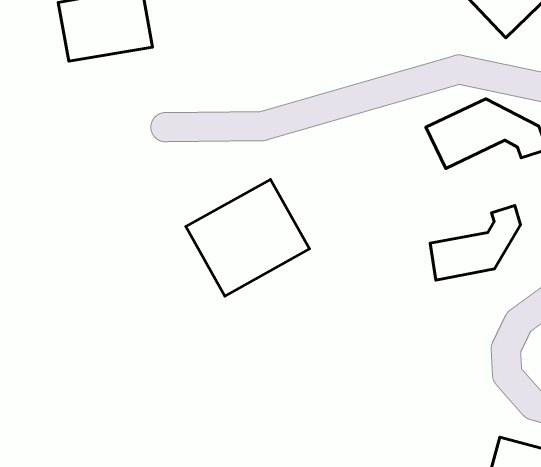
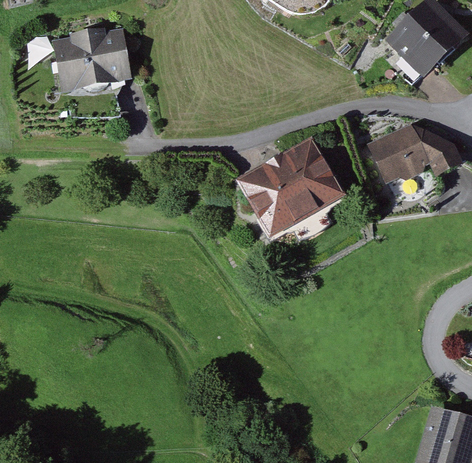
building: [186,179,310,296] -> [240,139,345,238]
building: [430,205,520,280] -> none

